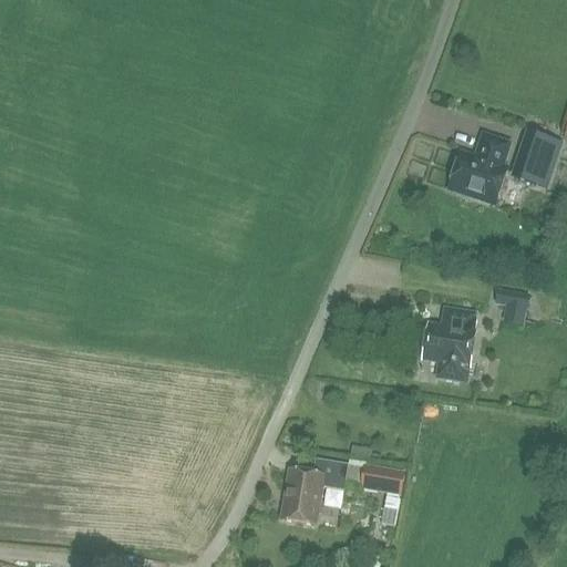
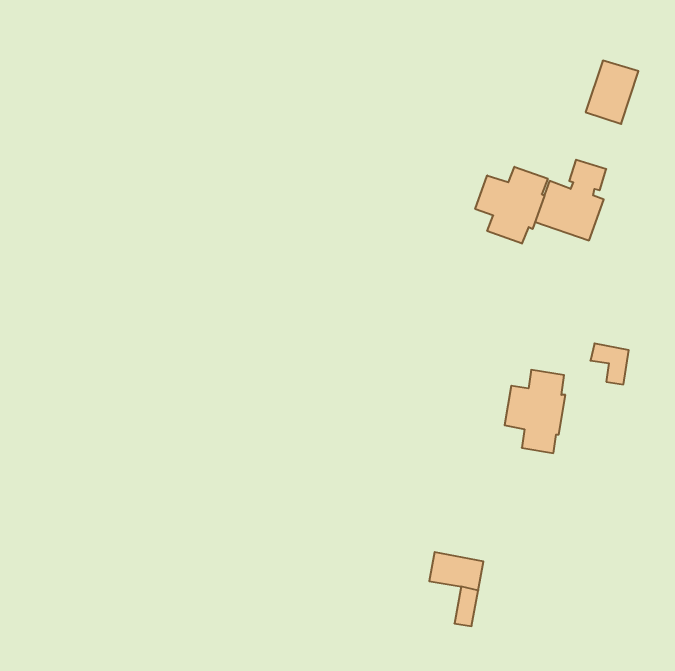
building: [513,131,557,184] -> [586,61,638,124]
building: none -> [475,167,548,244]
building: [281,457,349,524] -> none

